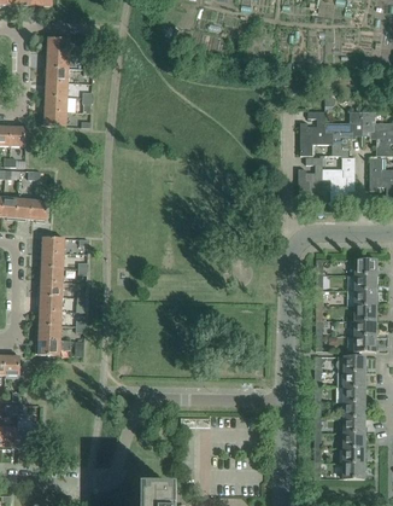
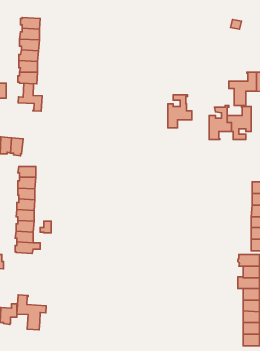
building: [299,110,332,155] -> [168,95,192,128]
building: none -> [18,83,42,111]
building: none -> [17,295,46,330]

